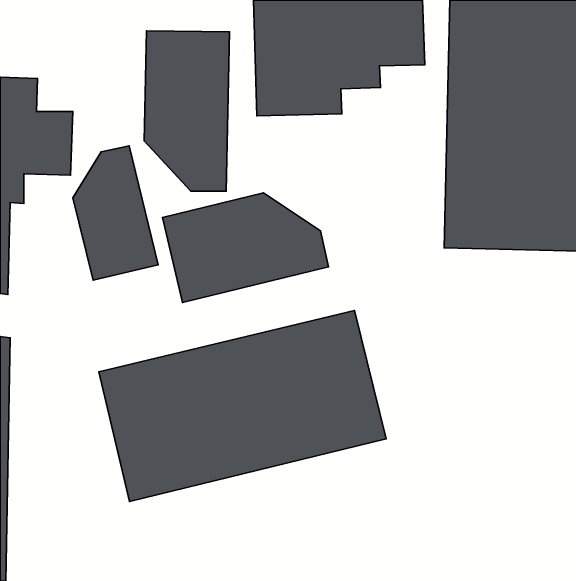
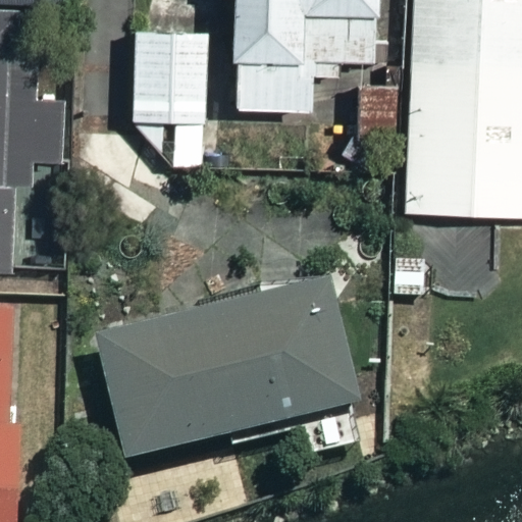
building: [73,146,158,280] -> none
building: [162,193,329,303] -> none

